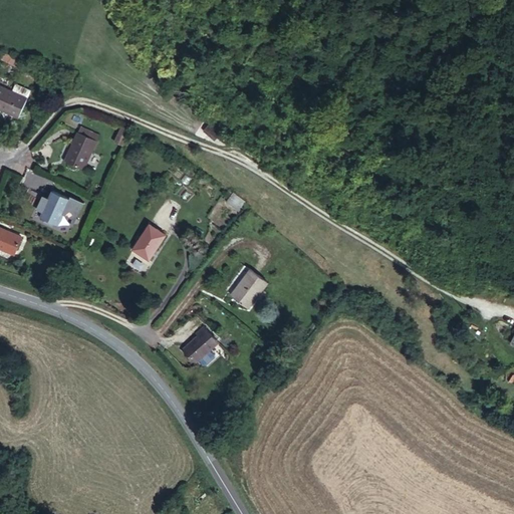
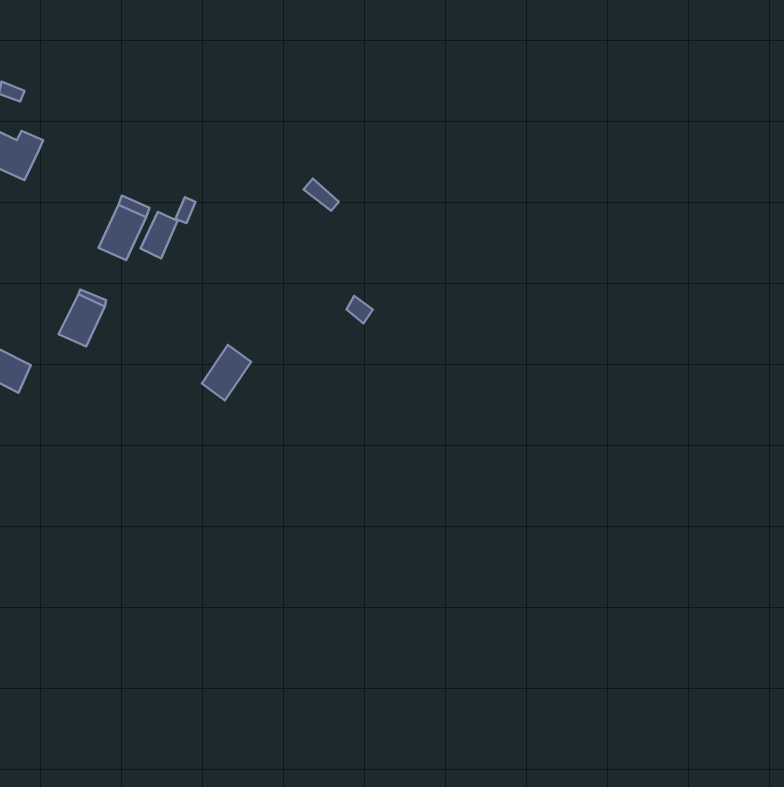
building: none -> [141,212,178,258]
building: [230,270,266,309] -> none
building: [183,326,217,366] -> none

